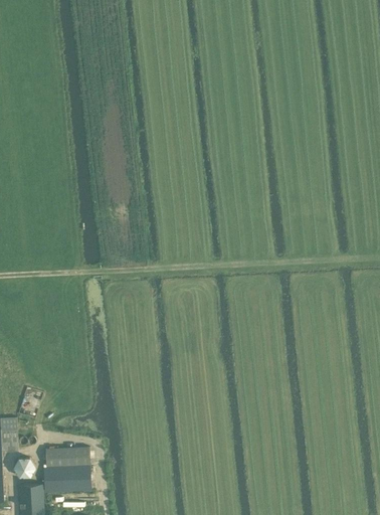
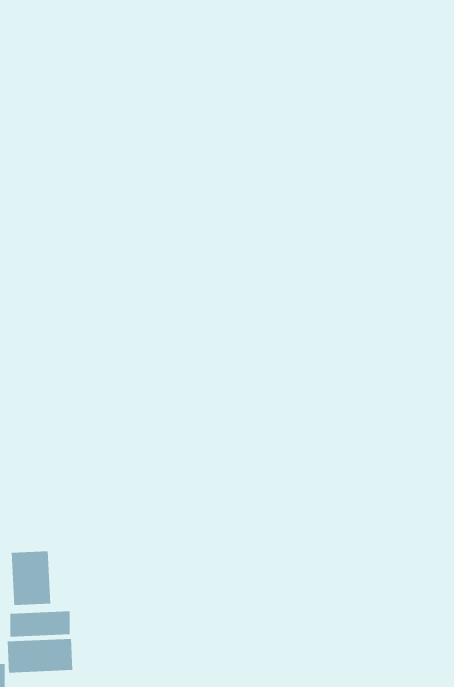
building: none -> [11,551,51,606]

